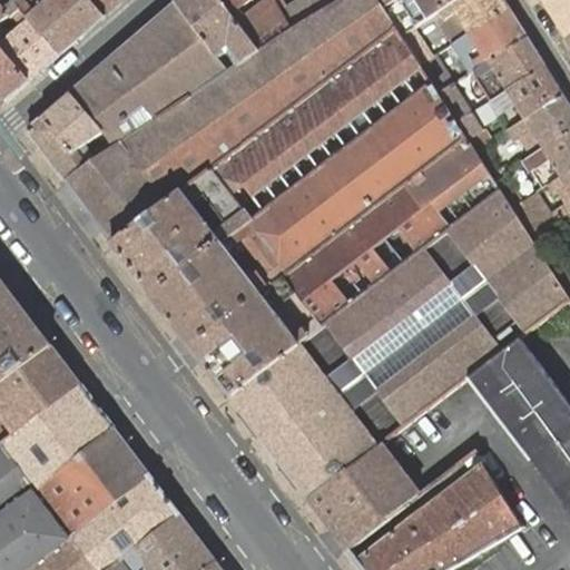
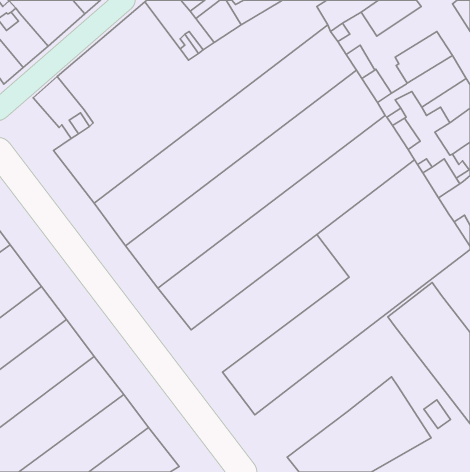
building: [452,8,527,72] -> none
building: [27,118,86,181] -> none
building: [230,283,421,449] -> none
building: [307,444,419,551] -> none

